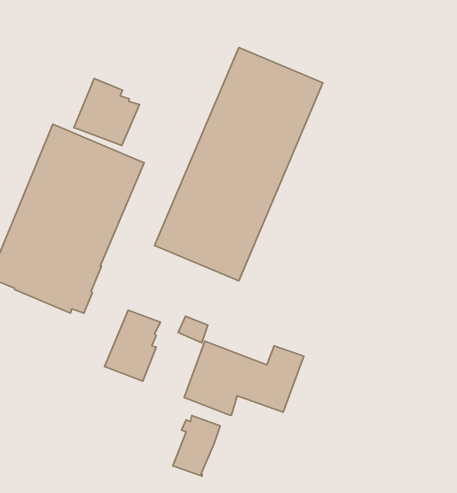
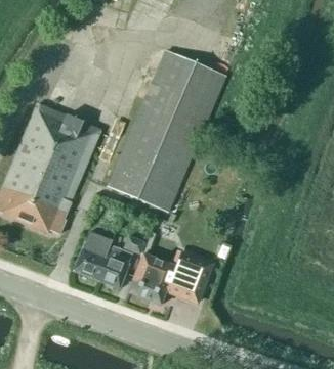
building: [74,79,140,146] -> none
building: [173,416,220,476] -> [100,245,133,287]

